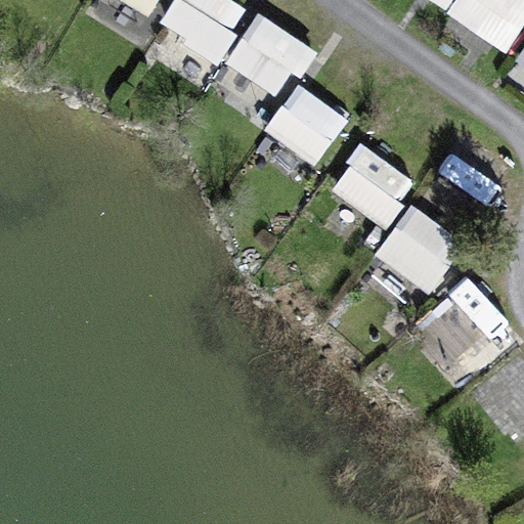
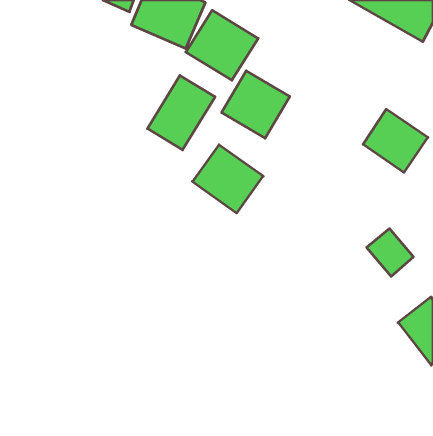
building: none -> [147,75,215,150]
building: [330,144,414,226] -> [192,145,263,213]
building: [374,208,463,295] -> none

